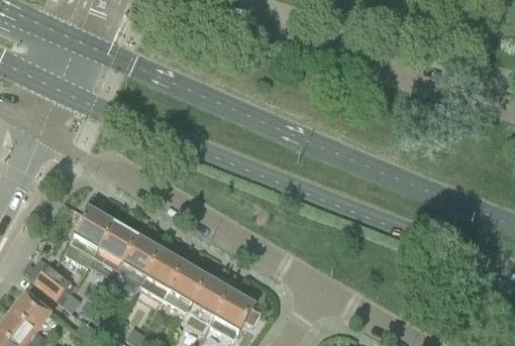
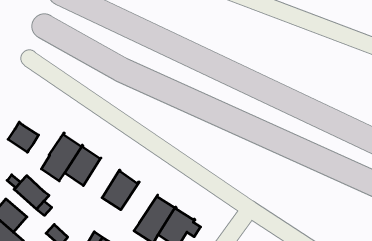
building: none -> [8,122,39,152]
building: [113,237,159,293] -> none
building: [163,263,206,312] -> none

